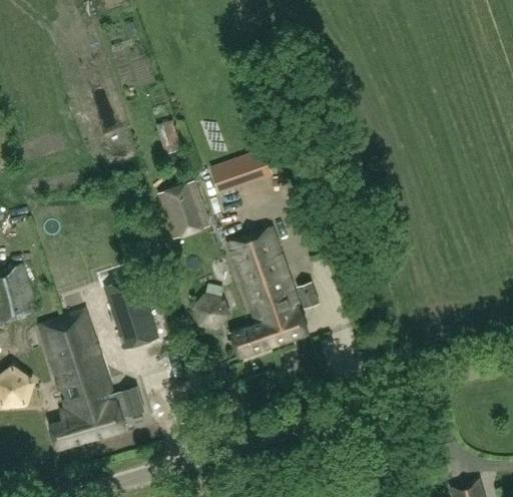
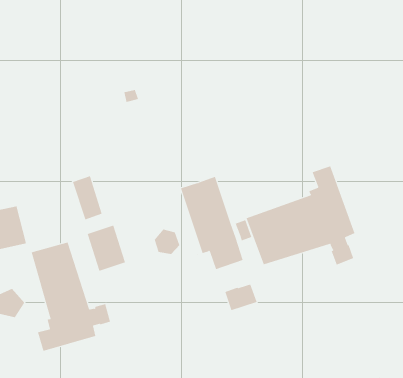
building: [210,148,273,192] -> none
building: [165,182,203,238] -> [72,175,103,220]
building: none -> [246,165,355,265]
building: [231,323,273,357] -> [225,284,257,311]

